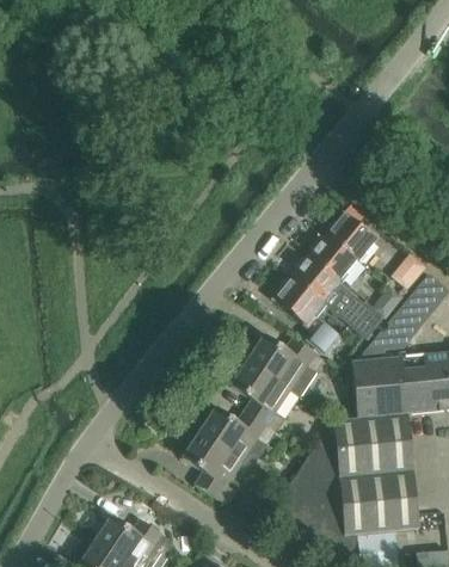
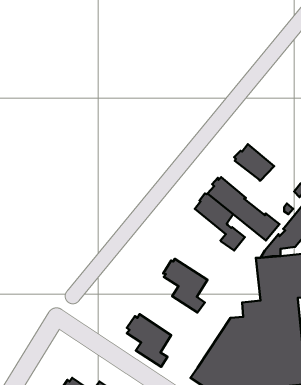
building: [308,233,358,282] -> none
building: [247,337,325,395] -> none
building: [199,409,277,468] -> none

